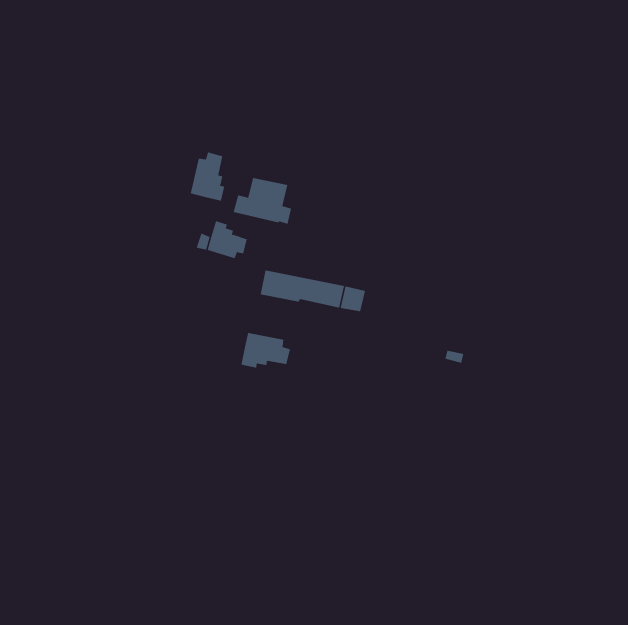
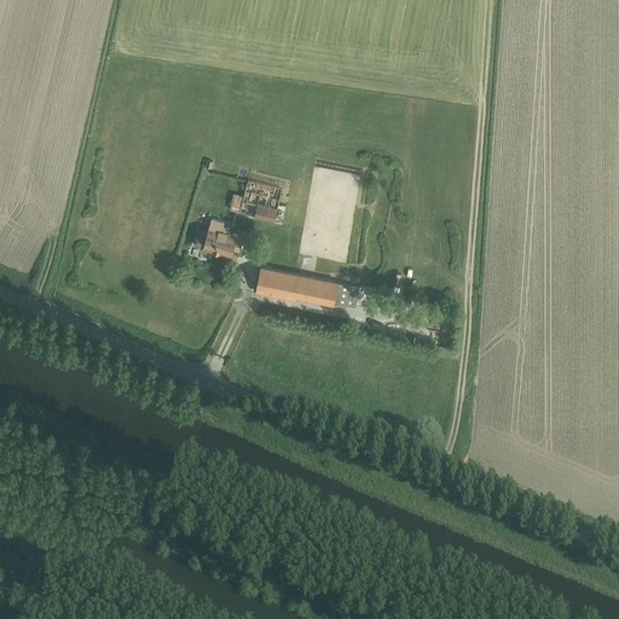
building: [190,151,225,202] -> none
building: [241,332,291,368] -> none

